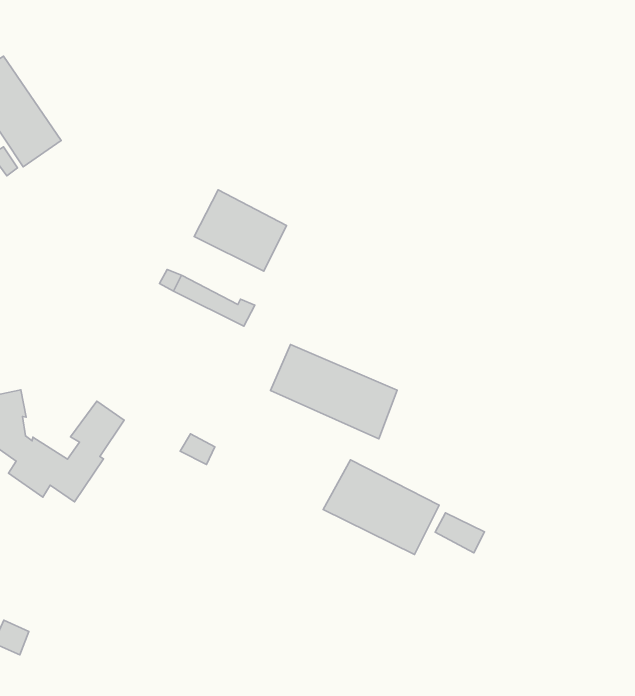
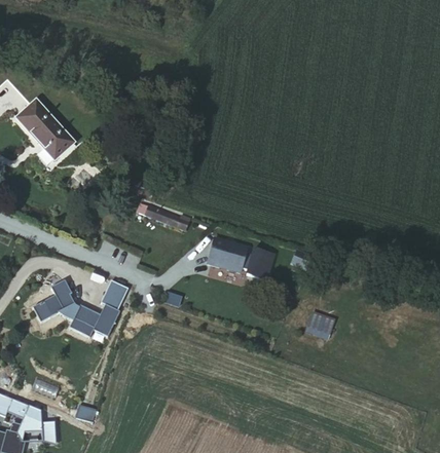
building: [194,190,286,271] -> none
building: [323,460,439,554] -> none

